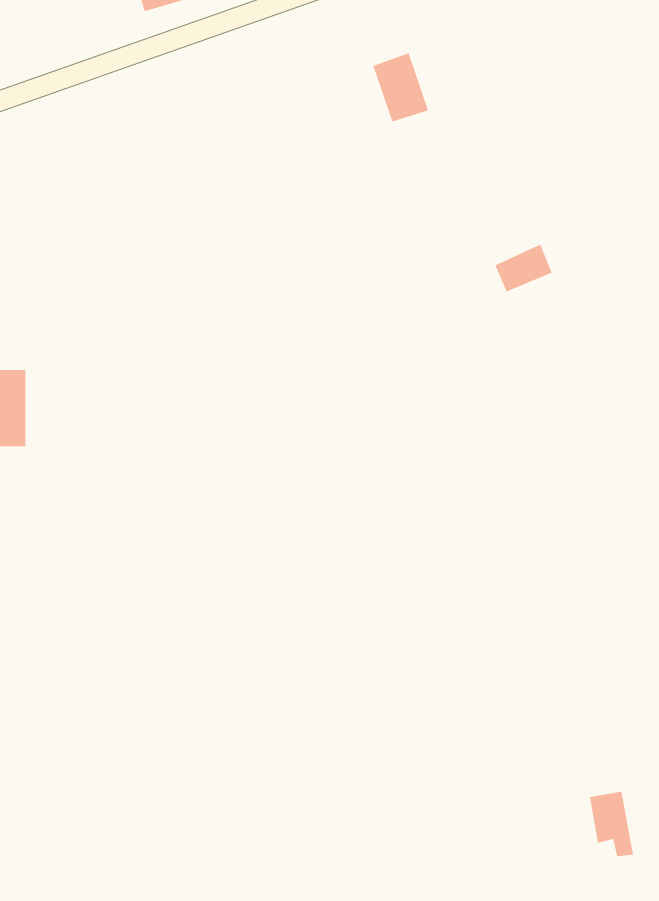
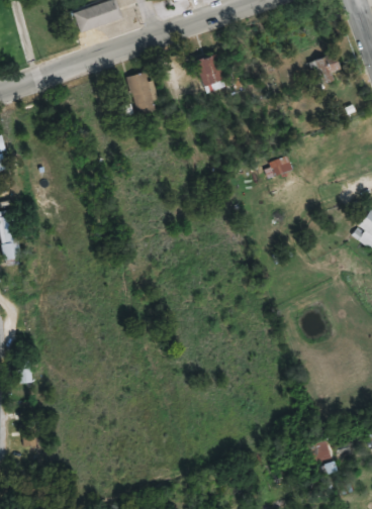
building: none -> [307,54,341,82]
building: none -> [126,72,157,116]

